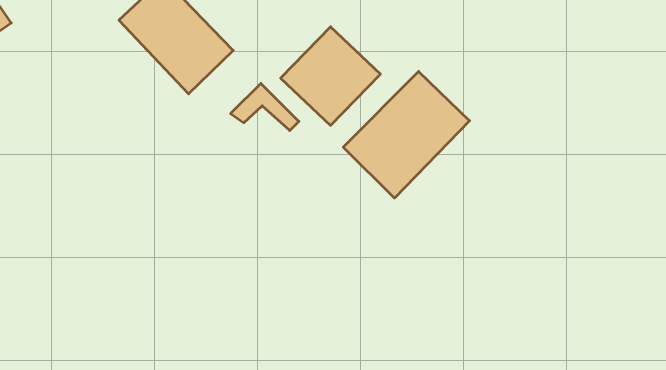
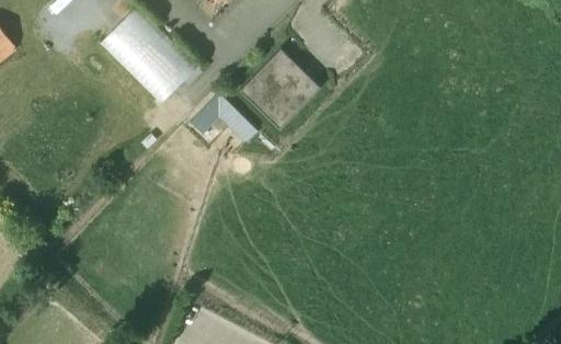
building: [343,71,470,198] -> none

